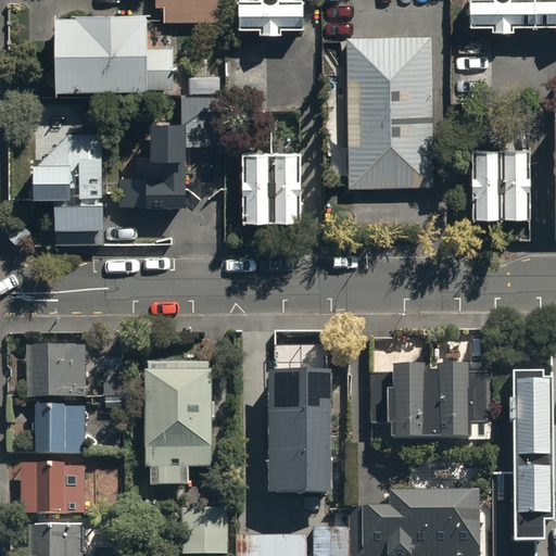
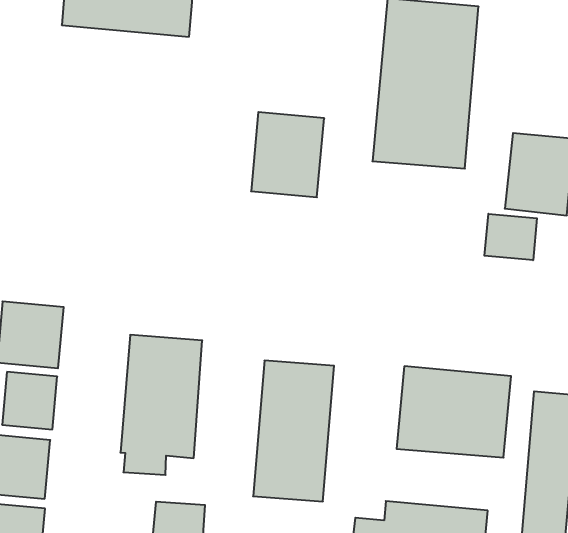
building: [142,122,182,204] -> none
building: [34,134,99,242] -> none
building: none -> [484,214,537,260]

